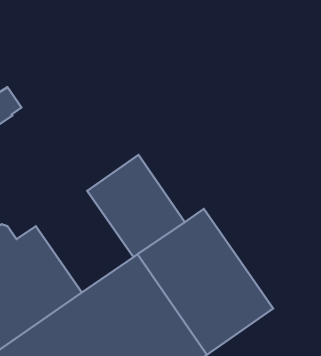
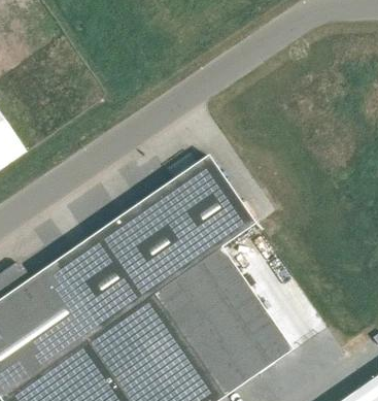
building: none -> [154,157,254,262]
building: none -> [49,230,149,334]

